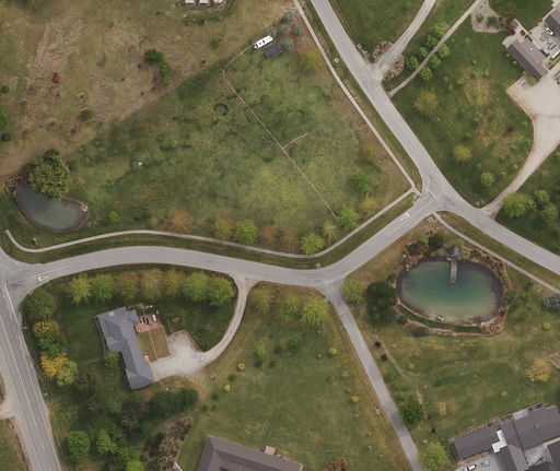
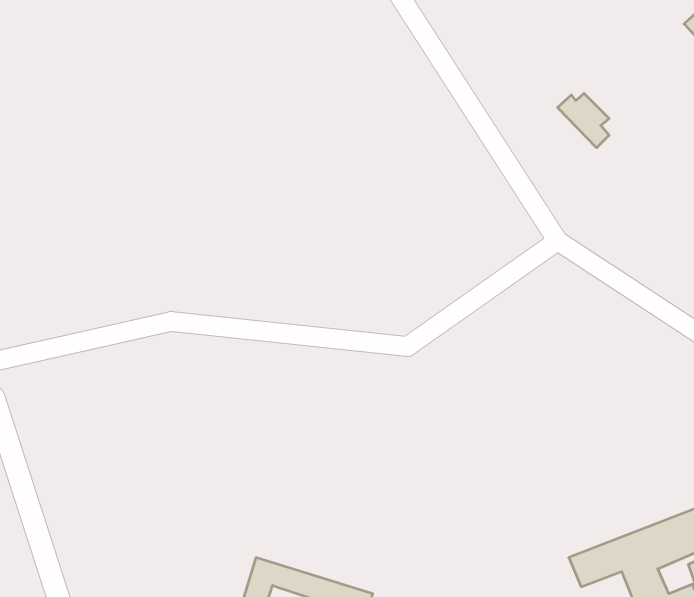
building: [506,37,547,80] -> [558,93,609,148]
building: [100,306,158,389] -> none

